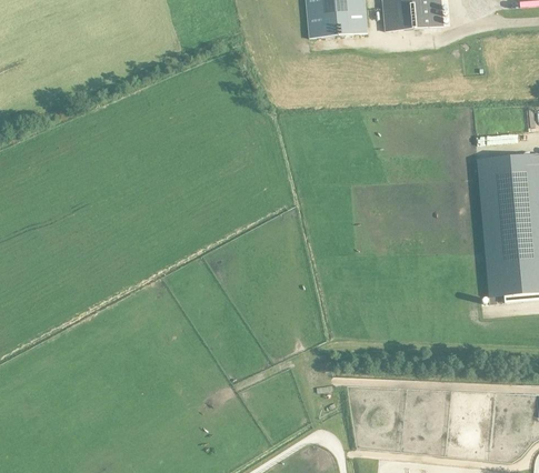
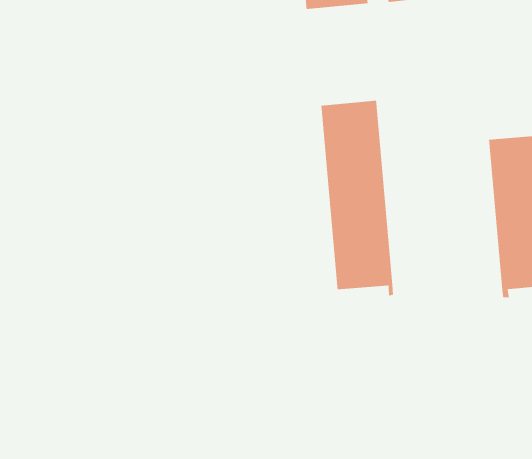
building: none -> [321,100,394,296]

